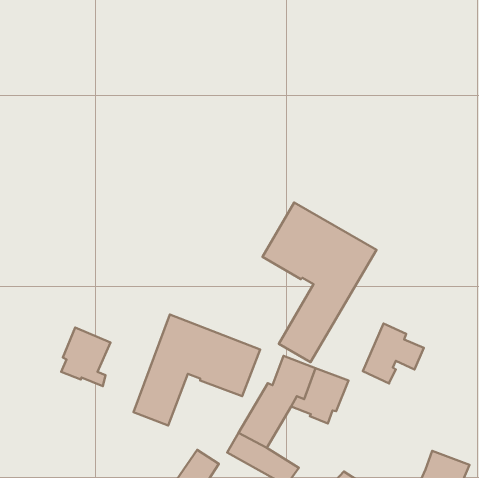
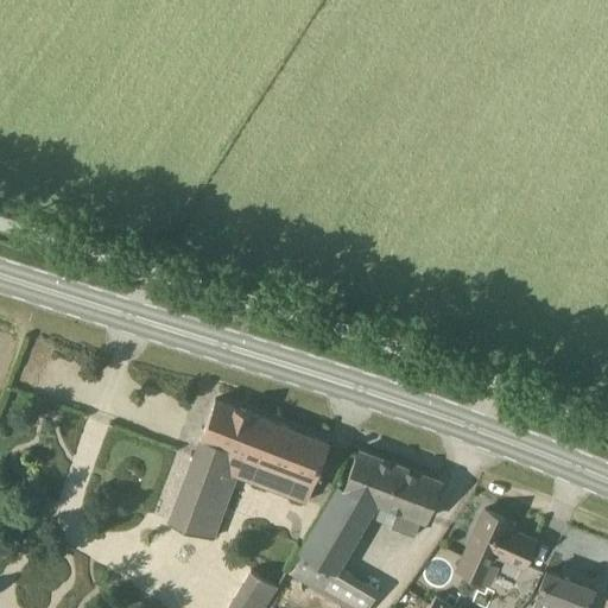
building: [263,203,376,362] -> none
building: [363,323,424,383] -> [460,511,537,587]
building: [61,328,110,386] -> none

